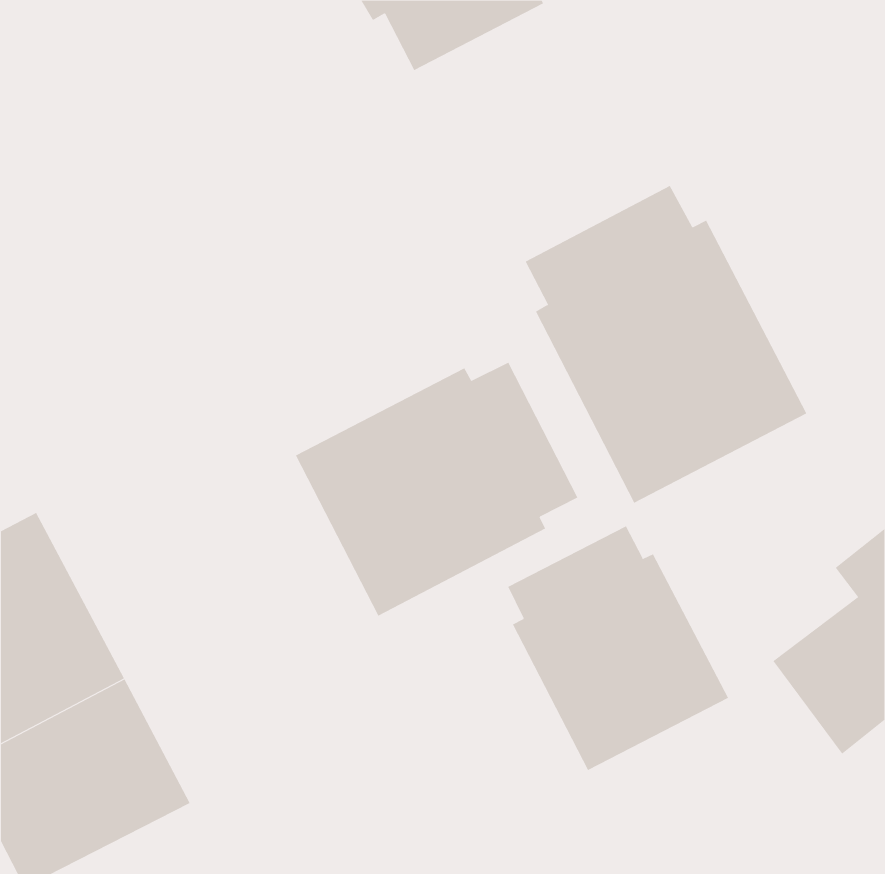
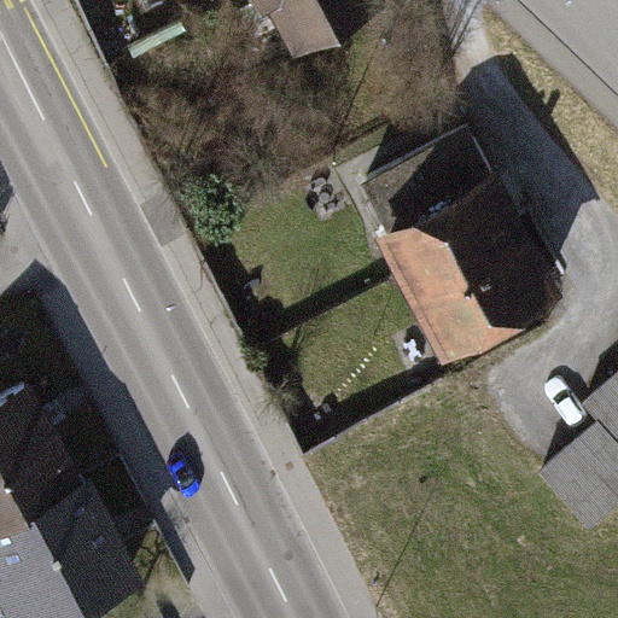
building: [295,362,578,616] -> none
building: [507,526,729,771] -> none

